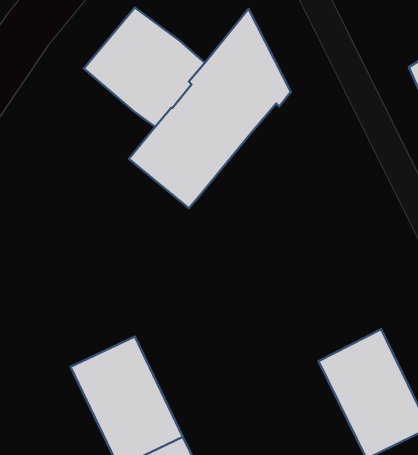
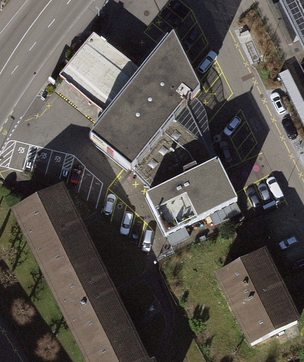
building: none -> [134,116,238,233]
building: none -> [16,187,94,277]

